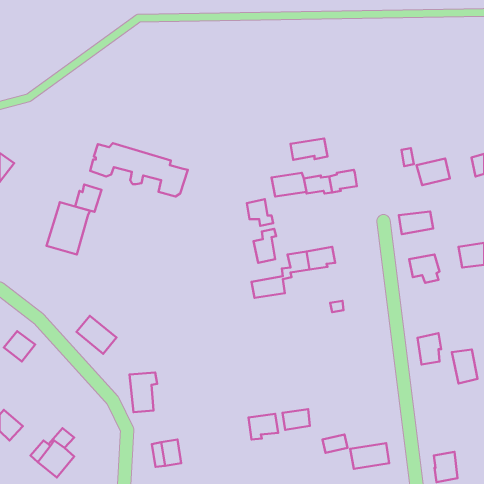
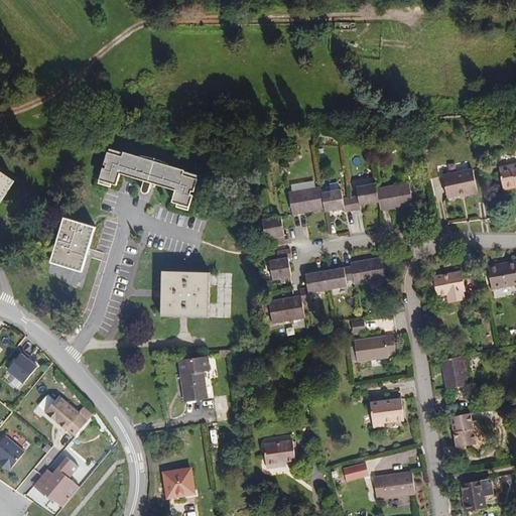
building: [291,138,327,160] -> none
building: [75,185,102,212] -> none
building: [399,211,433,234] -> [377,180,413,205]
building: none -> [352,254,389,283]
building: none -> [159,275,209,319]
building: [77,316,116,354] -> [45,395,88,435]
building: none -> [355,337,395,362]
building: [452,349,478,384] -> [449,414,477,450]
building: [130,372,157,412] -> [178,359,208,401]
building: none -> [370,400,403,427]
building: [283,409,310,430] -> none

